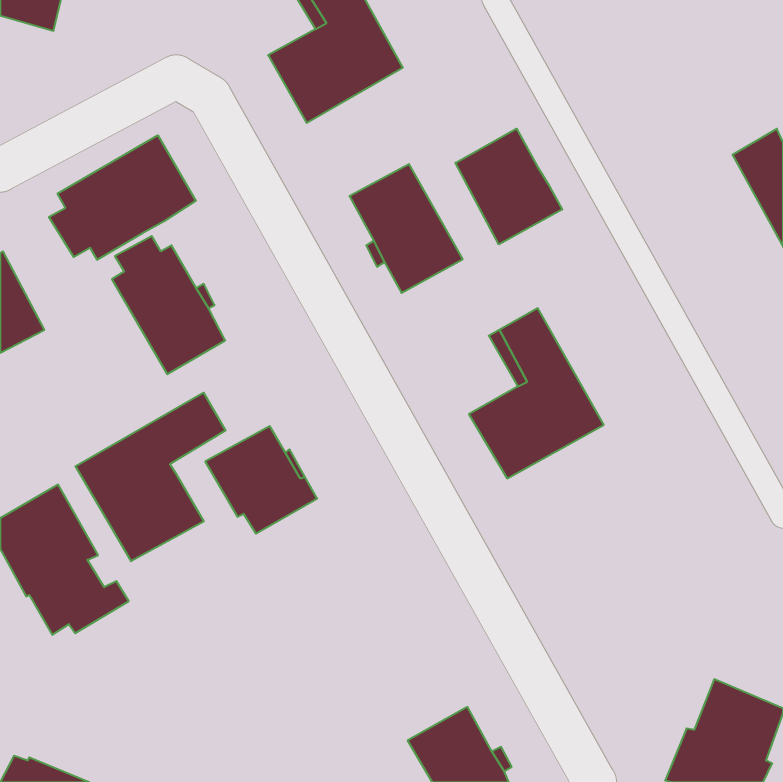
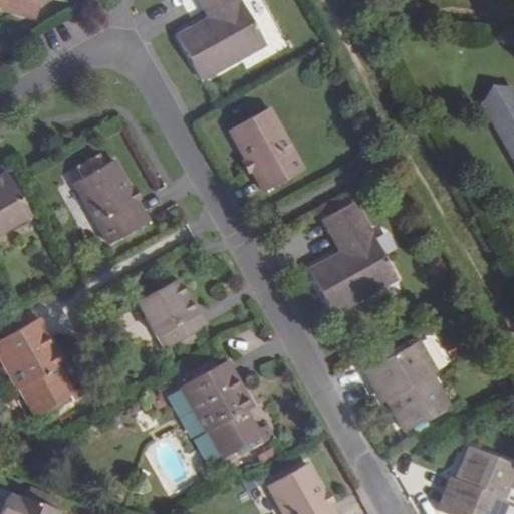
building: [455,129,562,244] -> none
building: [49,135,196,260] -> none
building: [75,393,226,561] -> none
building: none -> [364,341,448,432]
building: none -> [180,361,273,458]

